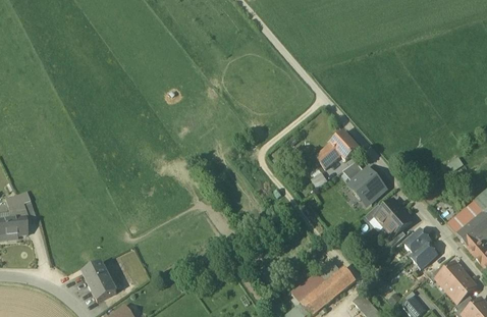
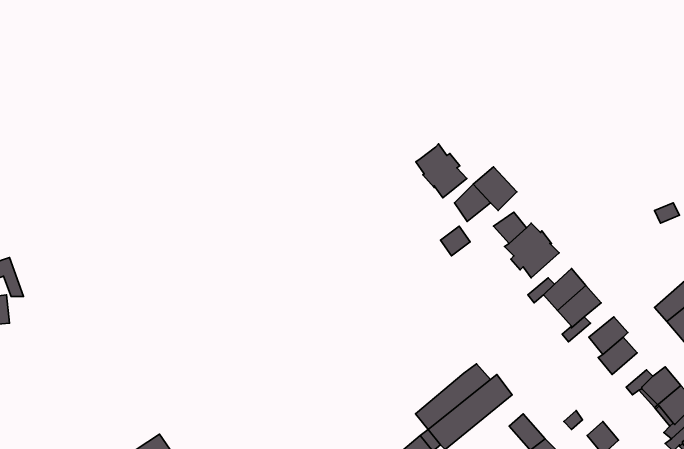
building: none -> [416,144,467,198]
building: [82,261,116,301] -> none

